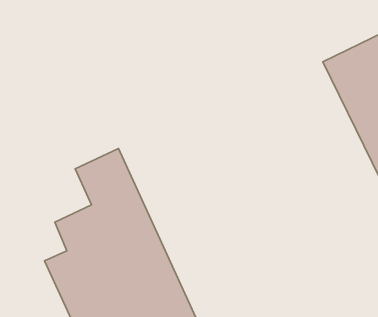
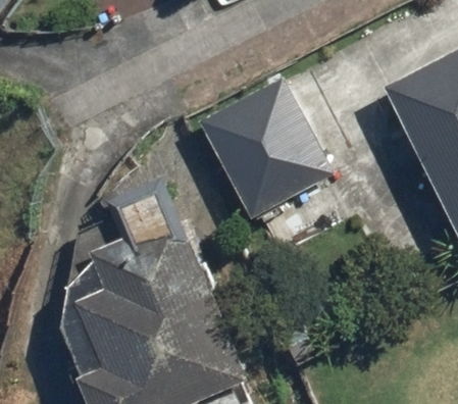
building: none -> [195,79,332,221]

